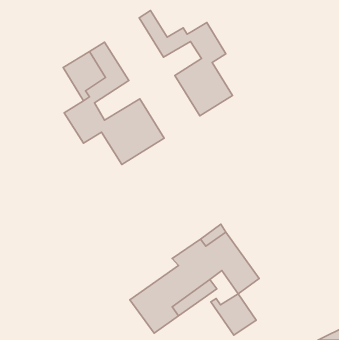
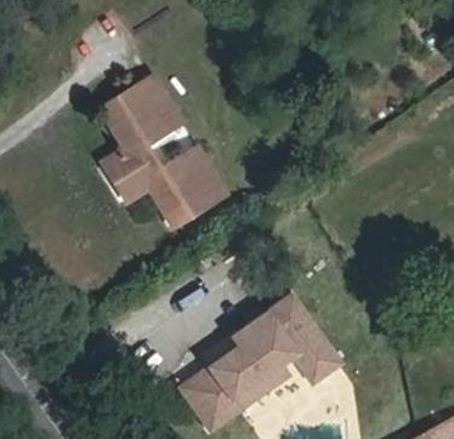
building: [139,10,232,116] -> none
building: [211,294,256,335] -> none

